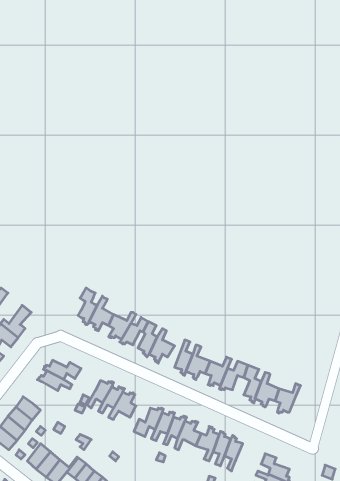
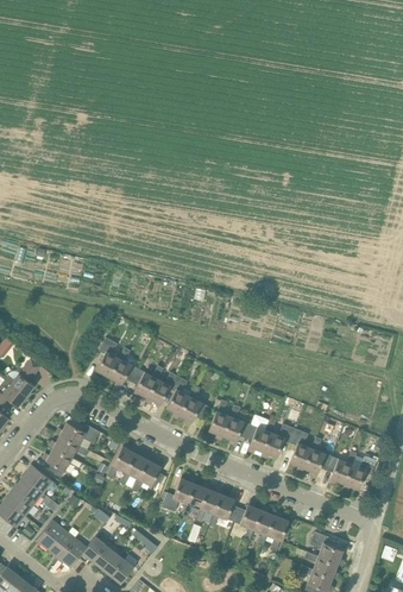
building: none -> [42,448,82,478]
building: none -> [341,456,376,490]

